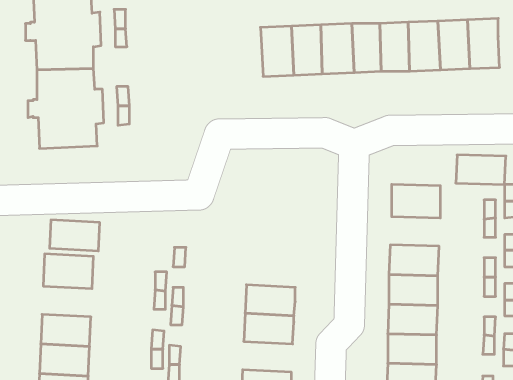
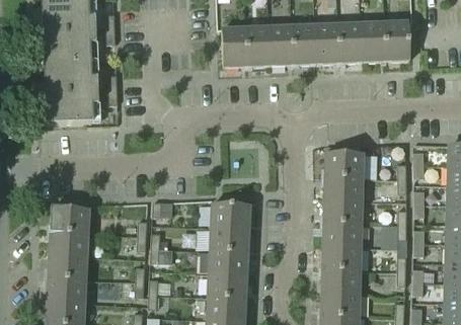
building: [456,155,506,184] -> [324,176,364,199]
building: [50,220,100,251] -> [50,231,89,255]
building: none -> [211,202,251,232]
building: none -> [208,274,247,299]

